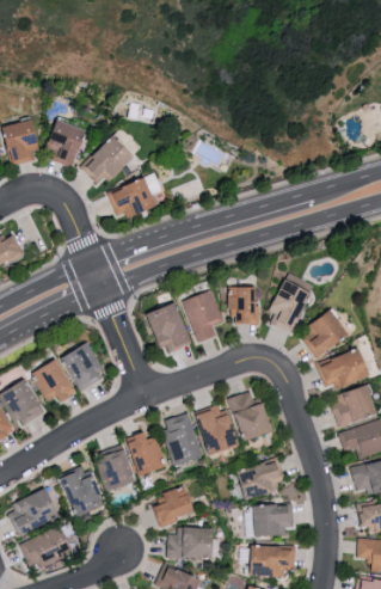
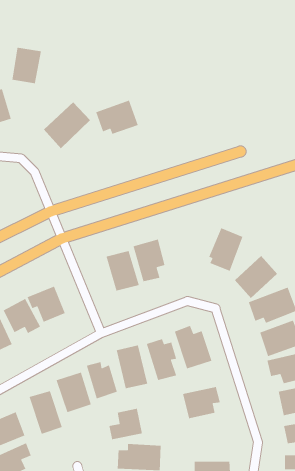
building: [49,121,84,164] -> [12,47,42,84]
building: [106,177,156,217] -> [95,99,139,135]
building: [226,286,256,323] -> none
building: [242,504,291,536] -> none

